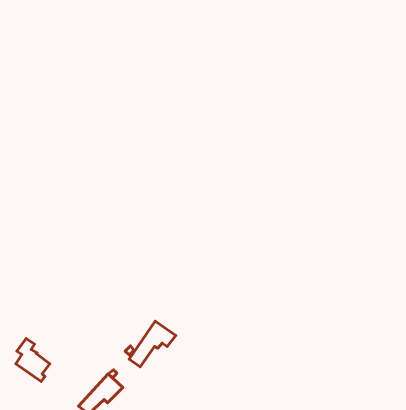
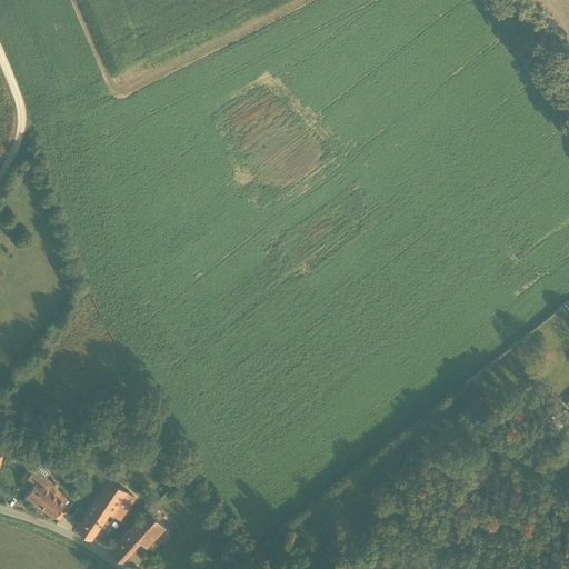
building: [129,321,176,367] -> [77,483,138,543]

